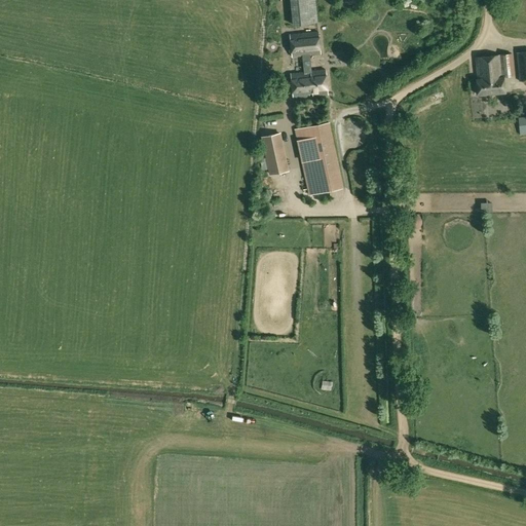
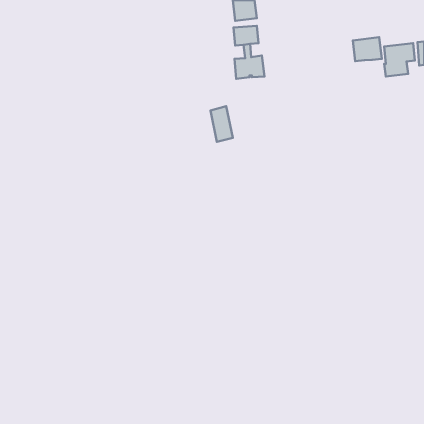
building: none -> [353,37,382,61]
building: [295,122,342,194] -> none

